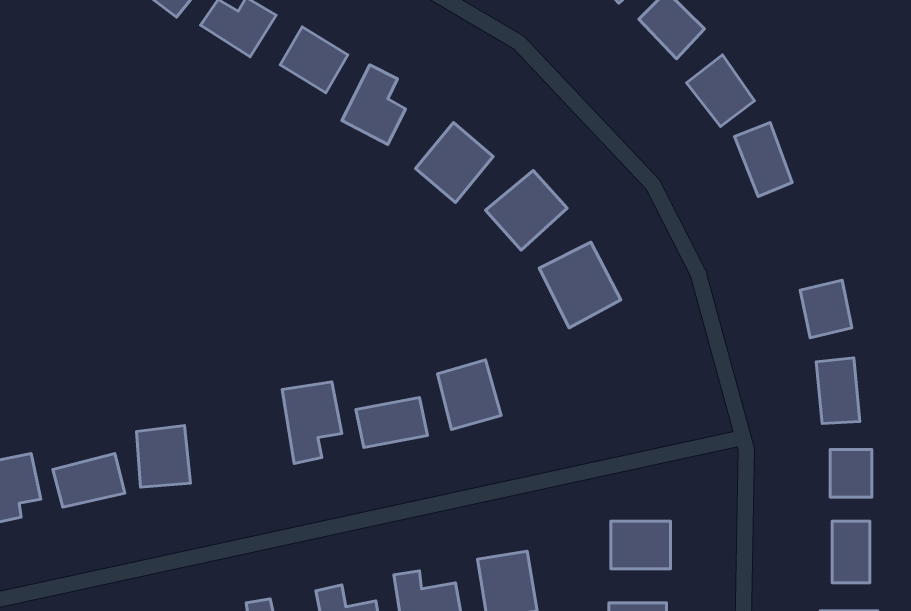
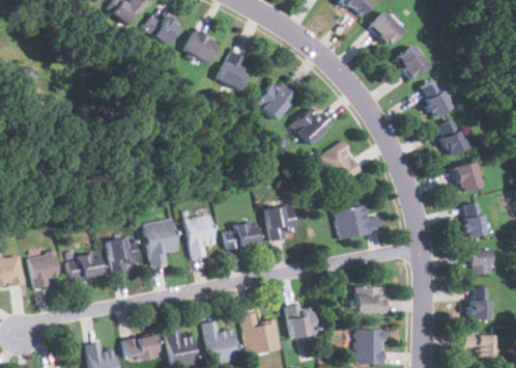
building: none -> [437,118,466,155]
building: none -> [334,205,381,238]
building: none -> [143,219,177,265]

